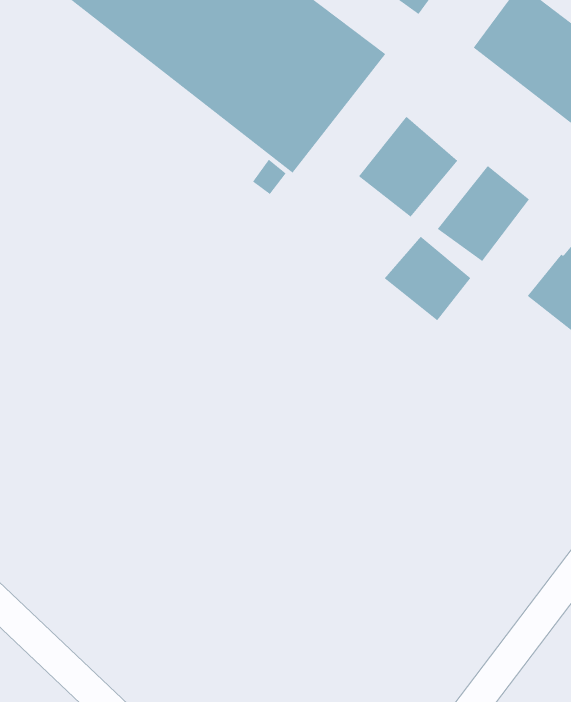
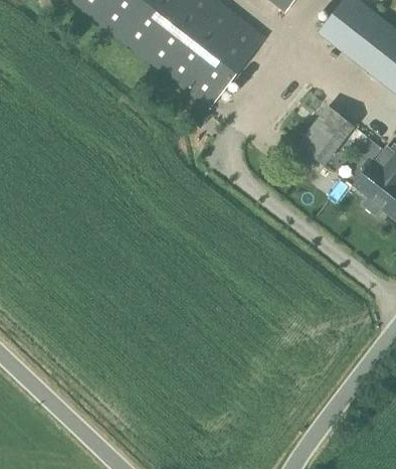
building: [358,116,458,217] -> none
building: [384,236,471,321] -> none

